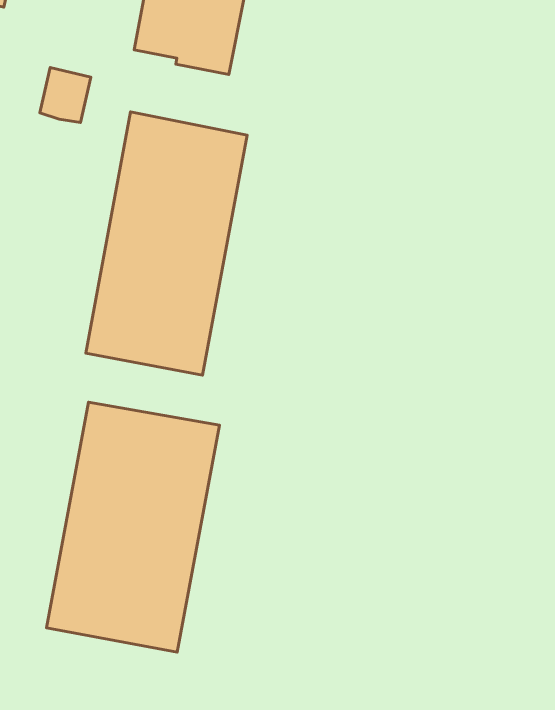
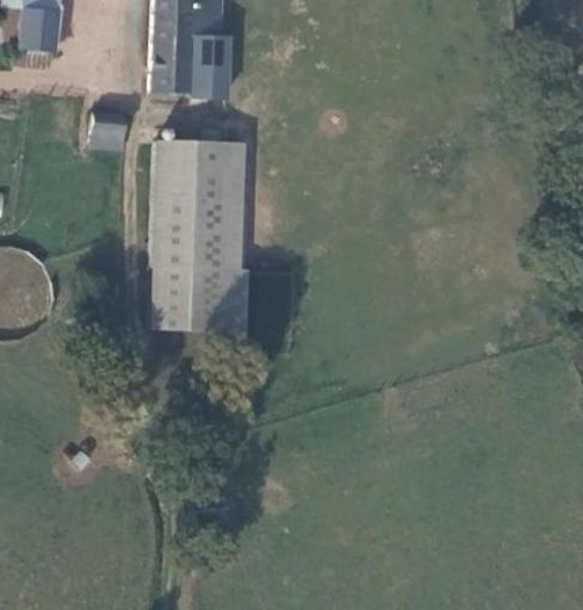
building: [46,402,219,652] -> none

